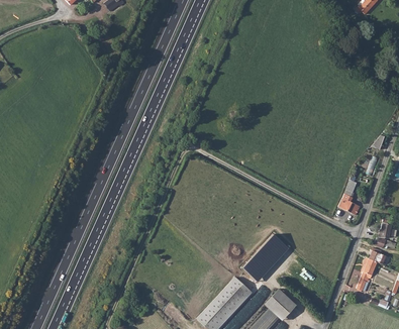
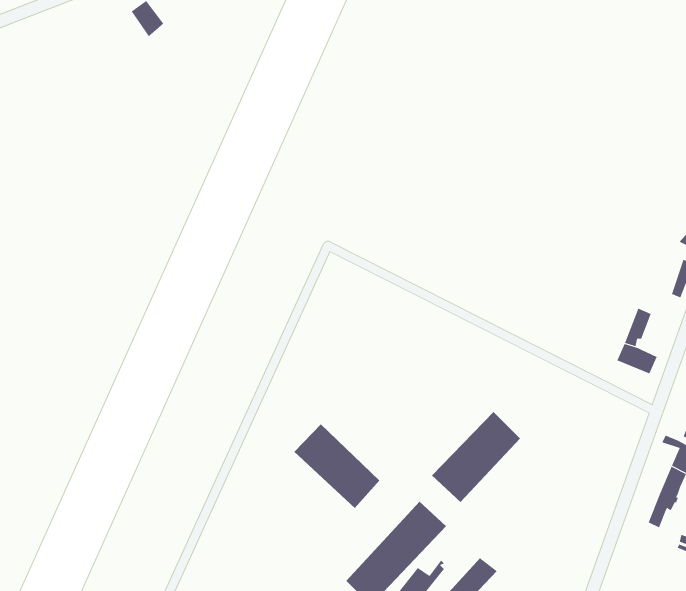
building: none -> [293,423,380,509]
building: [265,288,295,319] -> none

